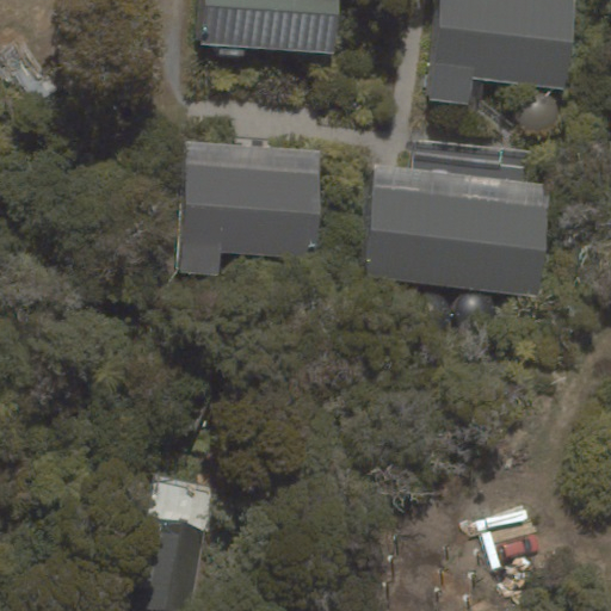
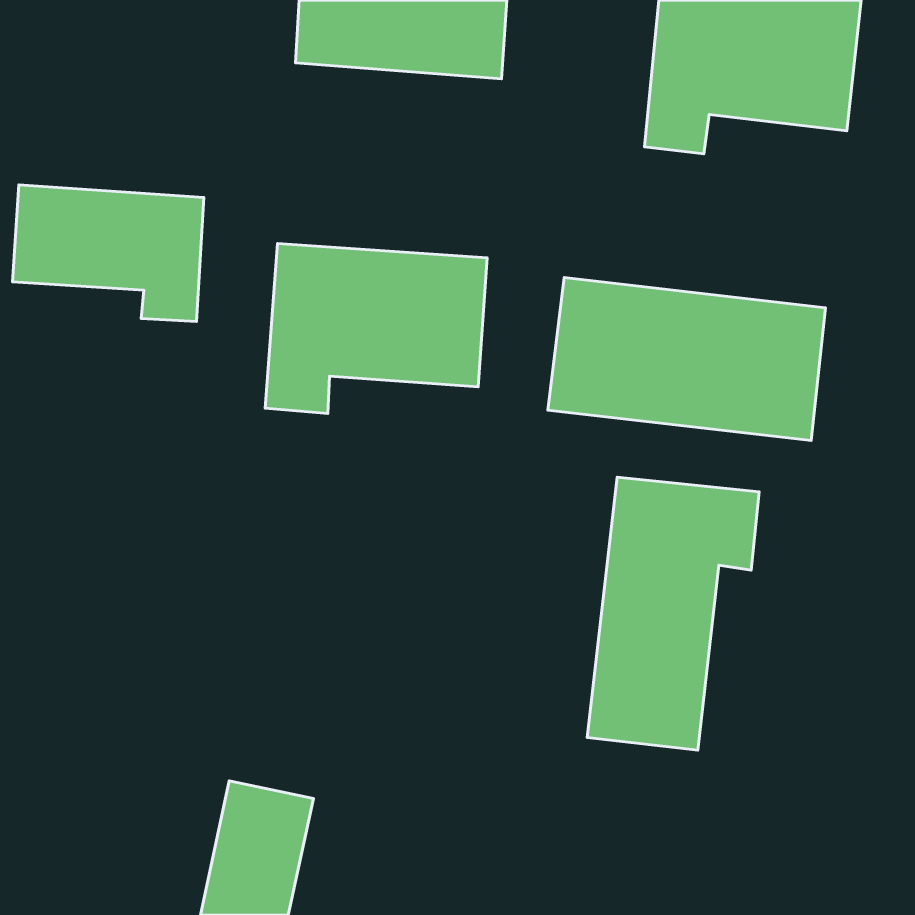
building: none -> [12,185,204,321]
building: none -> [587,477,759,750]

